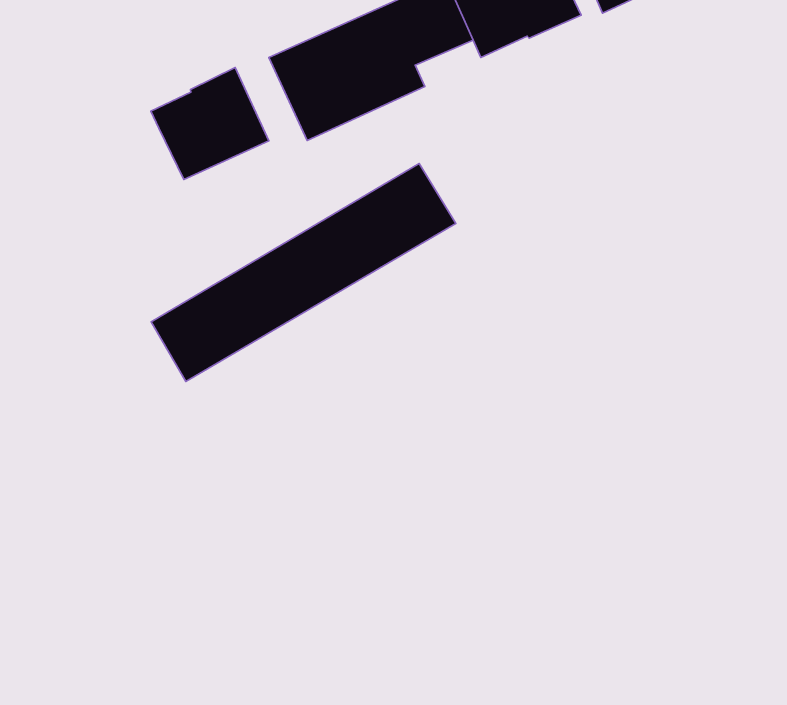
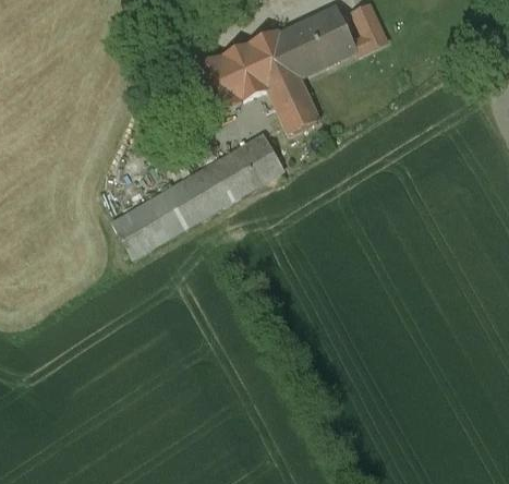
building: none -> [262,63,320,134]
building: [151,67,269,179] -> none

